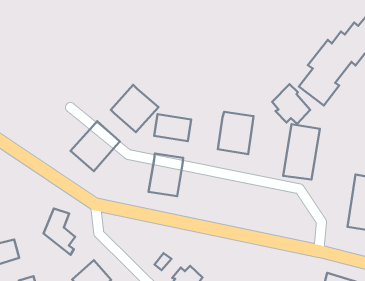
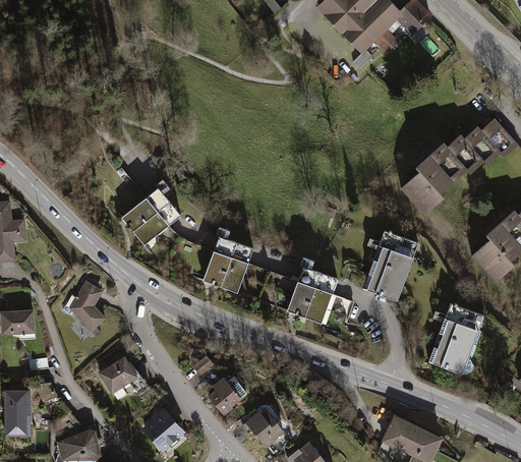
building: [272,84,310,124] -> none
building: [111,85,158,132] -> none
building: [218,112,254,154] -> [286,268,335,323]
building: [154,114,191,141] -> none

